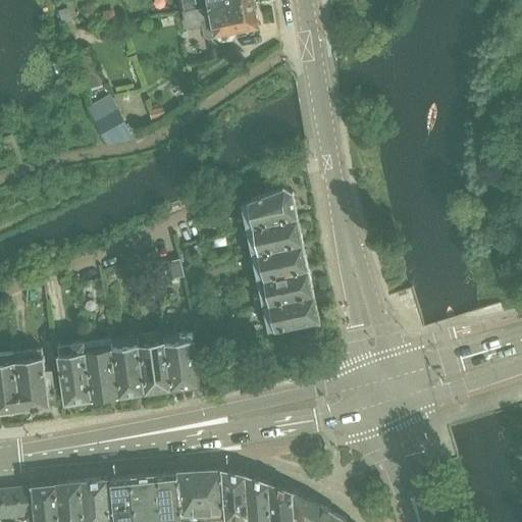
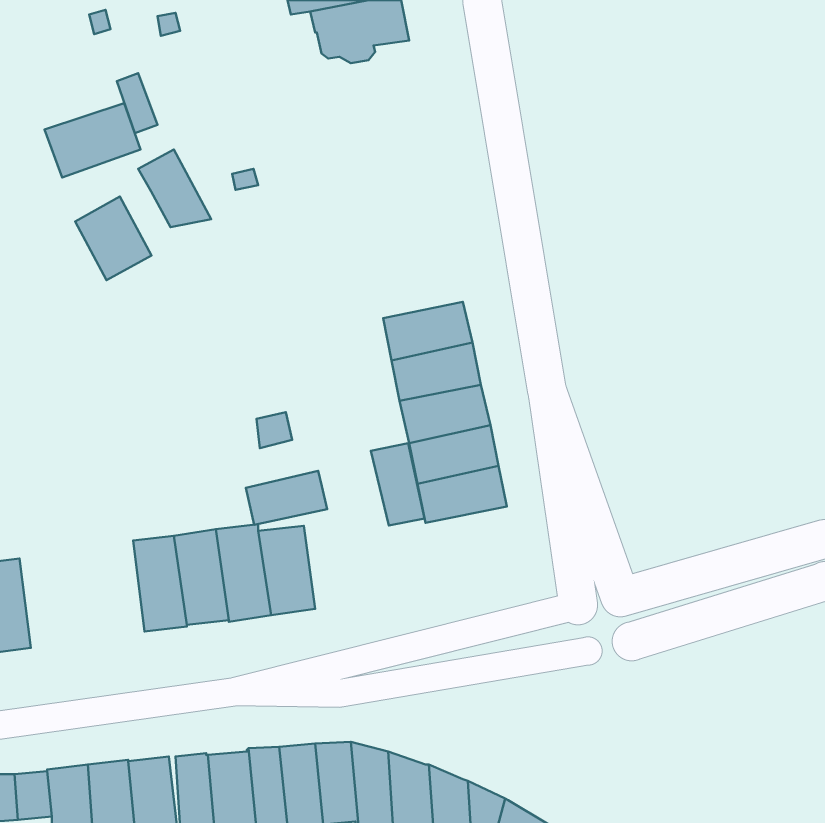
building: none -> [44,103,141,178]
building: none -> [75,197,151,280]
building: none -> [371,443,425,525]
building: none -> [246,471,327,525]
building: [57,342,91,404] -> none
building: [12,352,53,411] -> none

